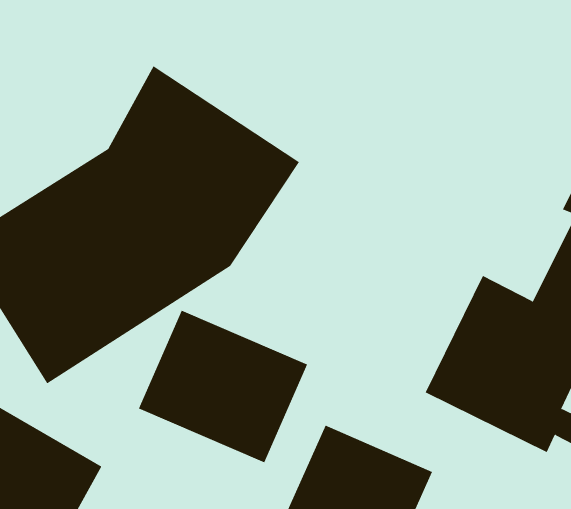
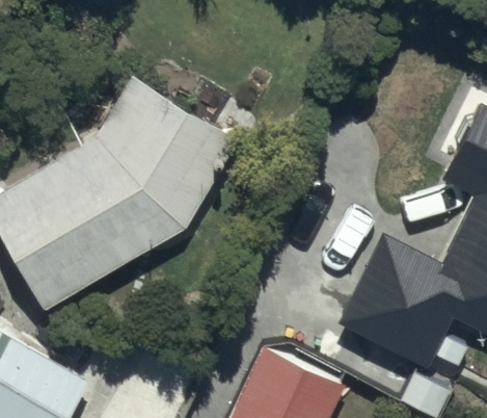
building: [138,310,308,463] -> none

